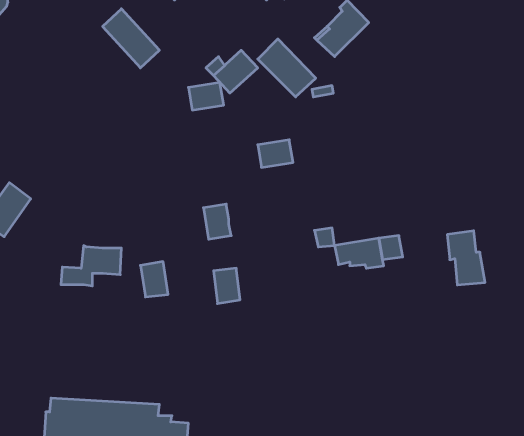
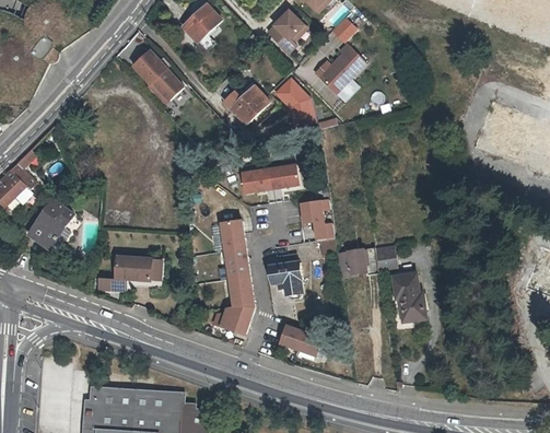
building: [188,82,224,110] -> [241,168,271,192]
building: none -> [300,200,332,241]
building: [447,231,485,285] -> [393,274,425,321]
building: none -> [268,254,302,301]
building: [140,262,168,297] -> [225,247,249,278]
building: none -> [221,303,254,335]
building: none -> [276,323,320,355]

